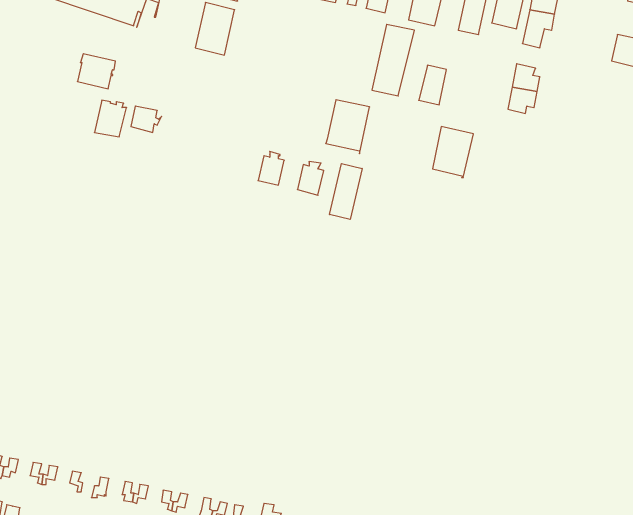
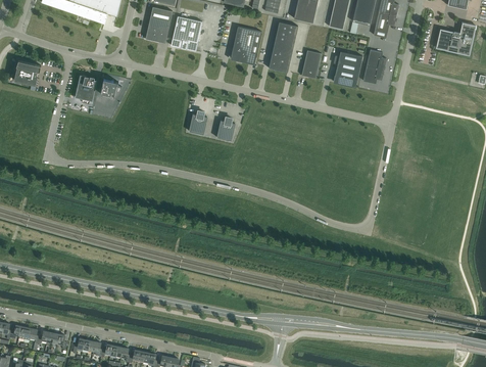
building: none -> [173,15,202,50]
building: [77,54,115,89] -> [14,60,41,85]
building: [326,100,370,154] -> [231,27,261,64]
building: [433,127,473,178] -> [334,51,362,87]
building: [330,164,362,219] -> none

